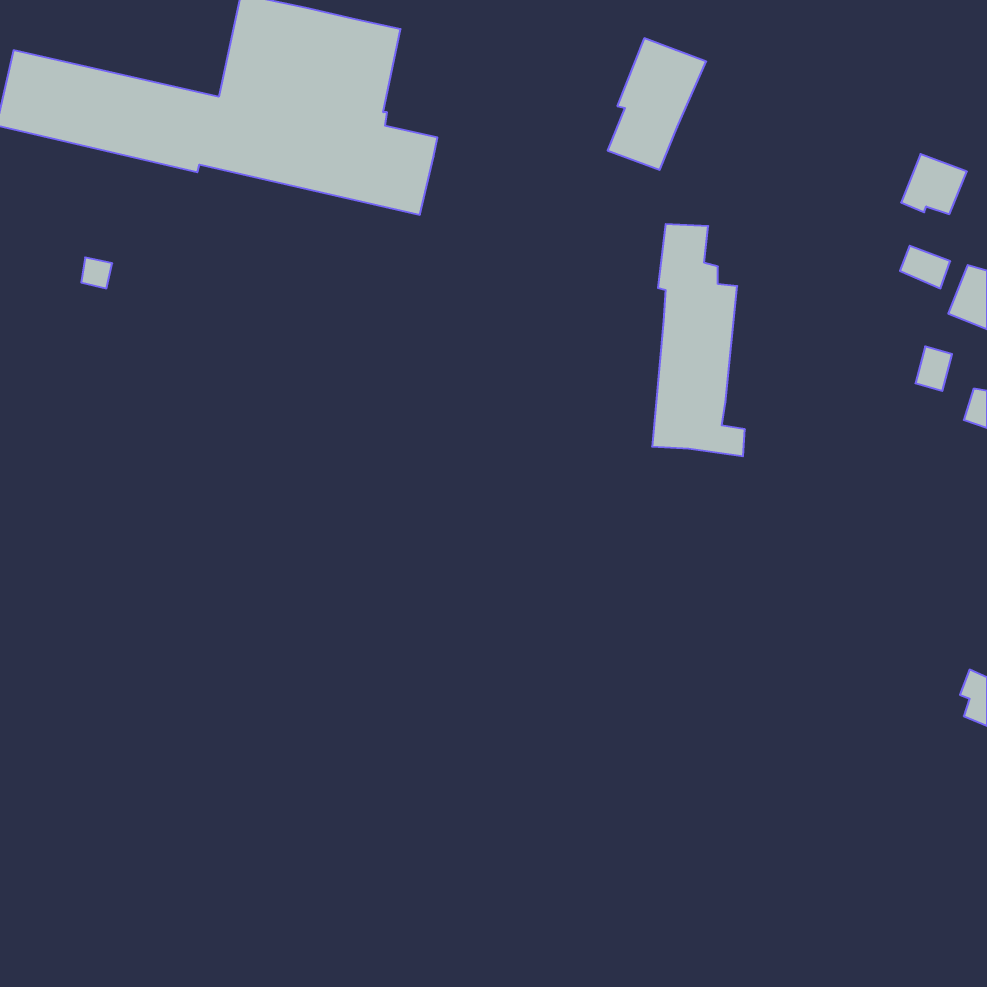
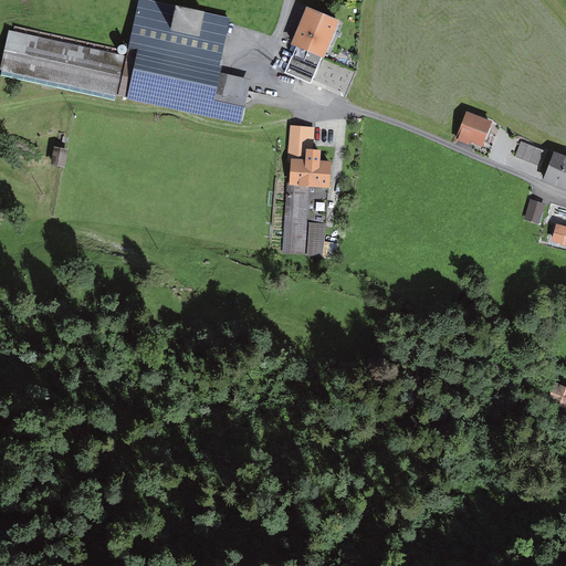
building: [608,38,706,170] -> [284,7,340,82]
building: [901,154,967,214] -> [454,111,492,145]
building: [652,224,745,456] -> [282,125,335,258]

